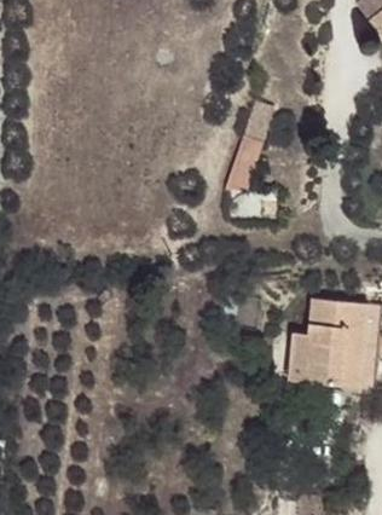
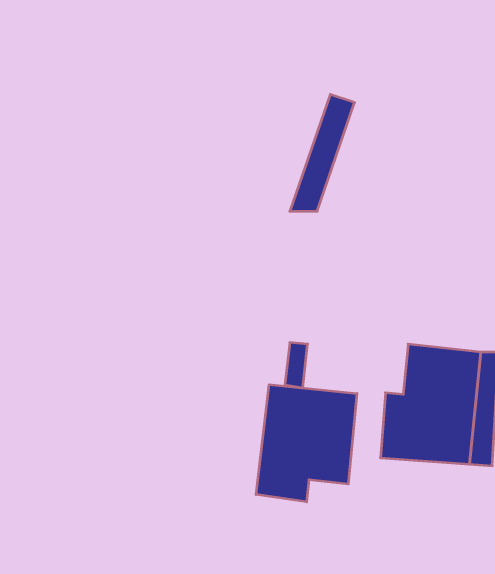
building: none -> [256,385,357,502]

